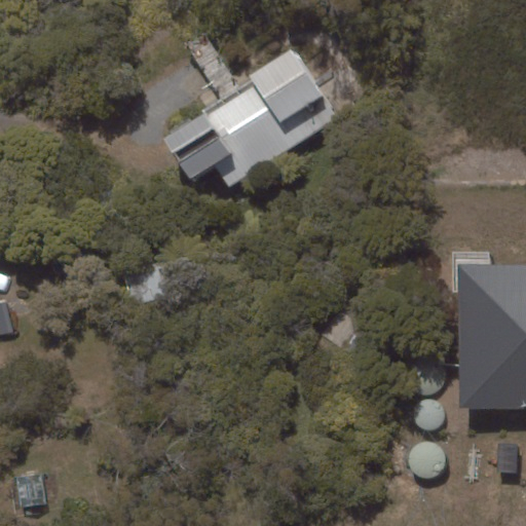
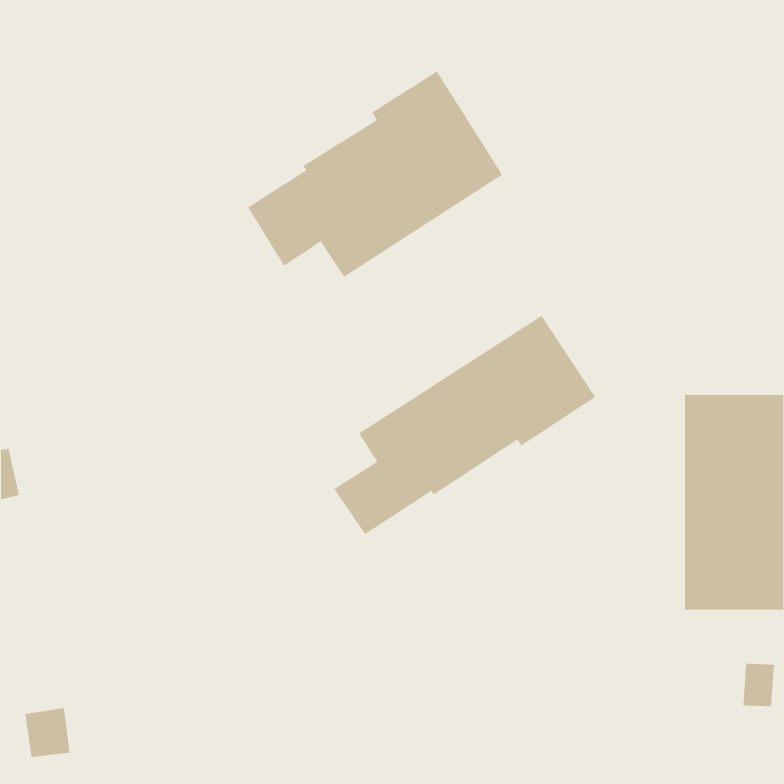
building: none -> [333,315,596,535]

